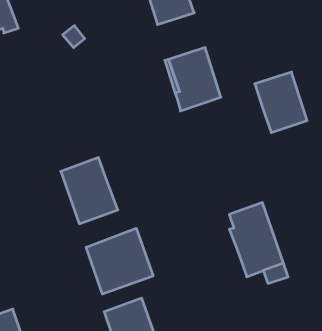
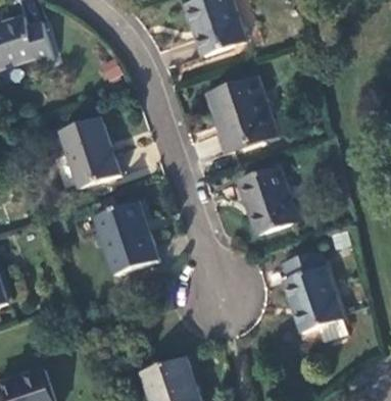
building: [255,72,307,133] -> [238,165,296,233]
building: none -> [58,116,116,186]
building: [86,228,153,294] -> none

